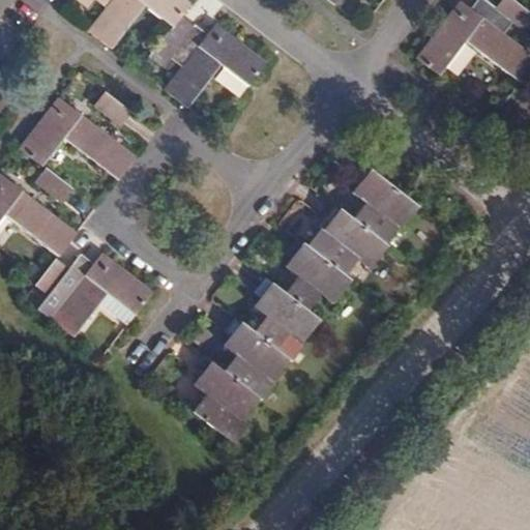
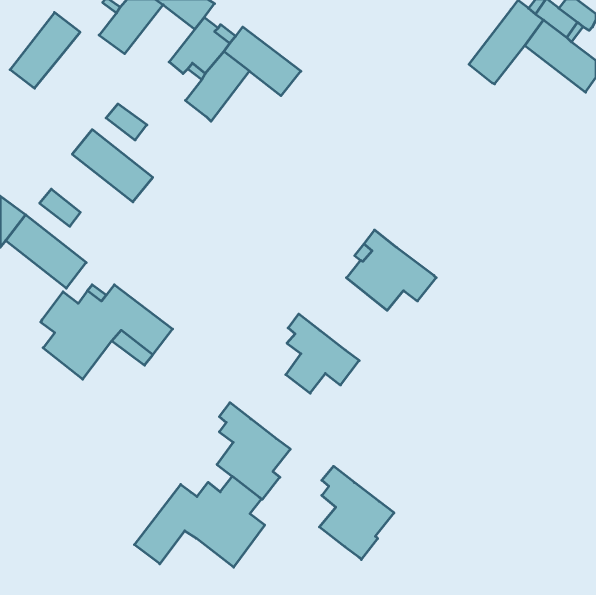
building: [20,97,82,165] -> [10,12,80,88]
building: [352,165,418,244] -> none
building: [284,238,350,311] -> none
building: [223,318,289,401] -> [319,466,394,560]
building: none -> [134,476,265,567]

